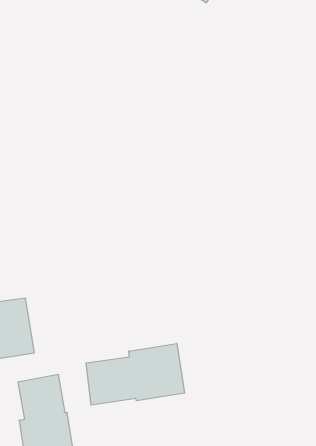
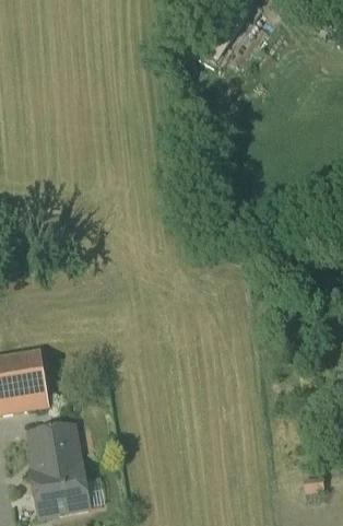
building: [86,343,185,405] -> none

